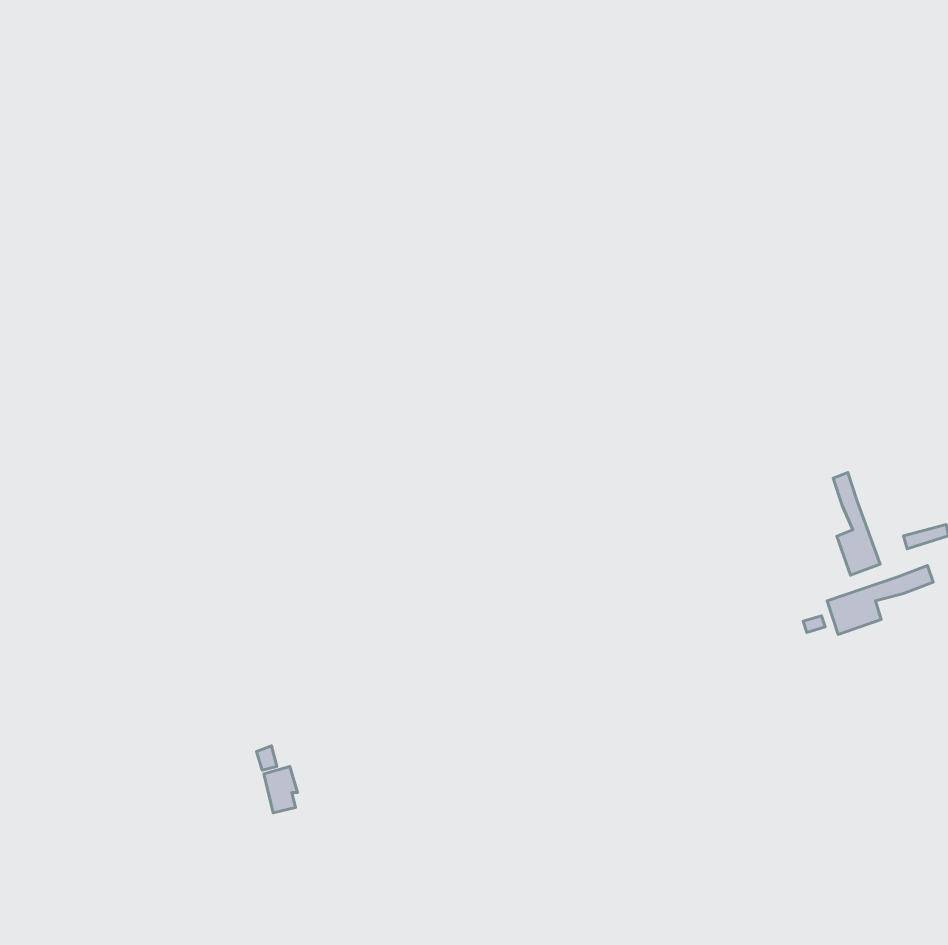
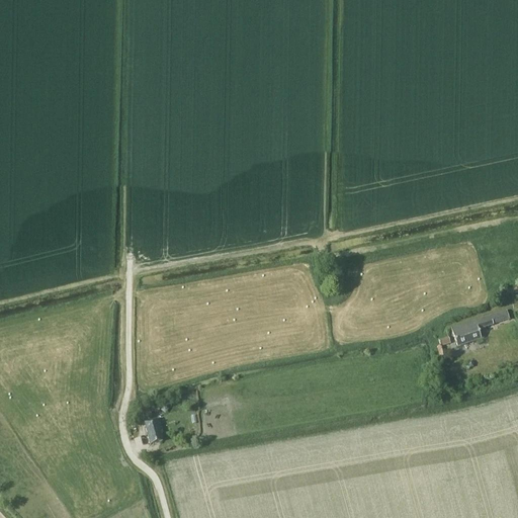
building: [833,473,880,575] -> none

